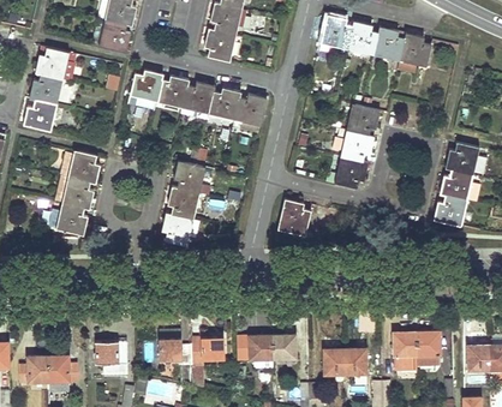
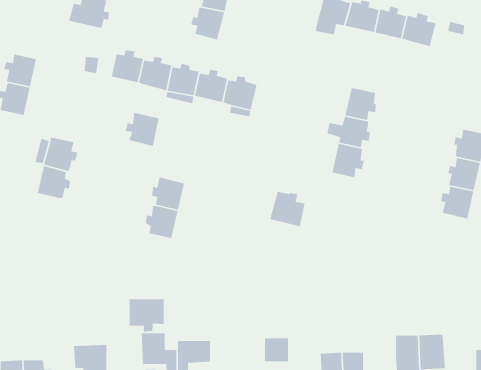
building: [37,46,77,80] -> none
building: [173,161,205,193] -> [125,112,160,147]
building: [56,203,88,233] -> none
building: none -> [128,299,165,332]
building: [250,336,273,360] -> none

